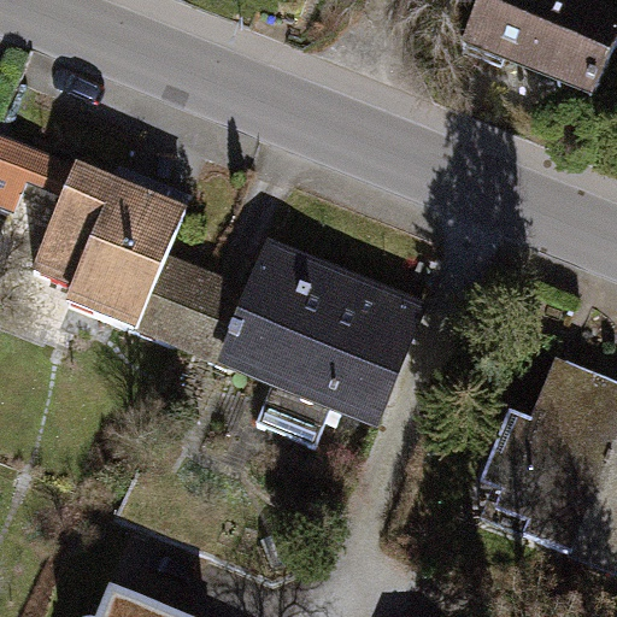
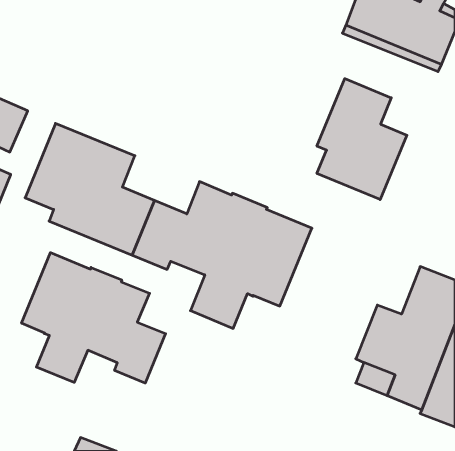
building: none -> [317,79,407,200]
building: none -> [22,253,166,383]

